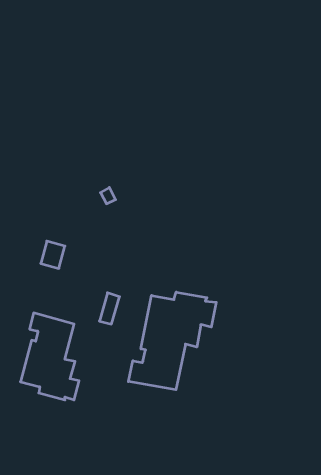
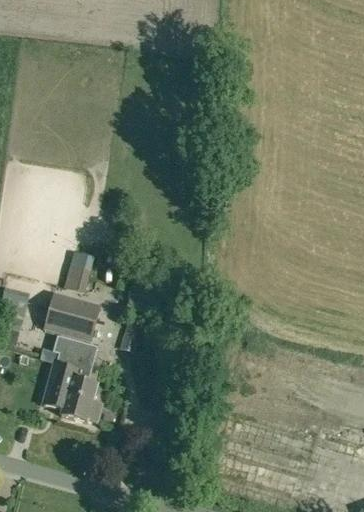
building: none -> [44,293,99,340]
building: [128,292,216,390] -> none

